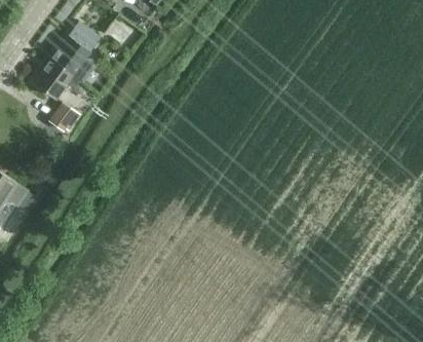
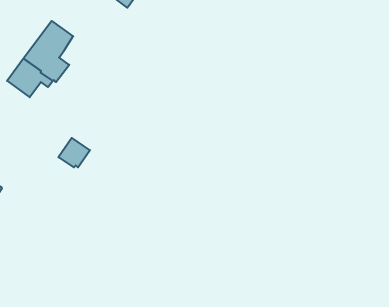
building: [48,103,80,132] -> [58,138,90,167]

